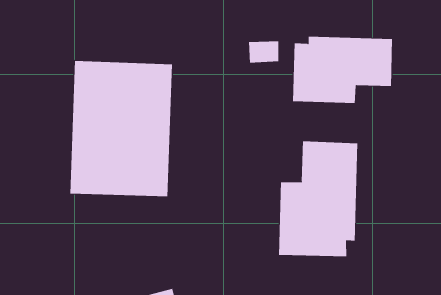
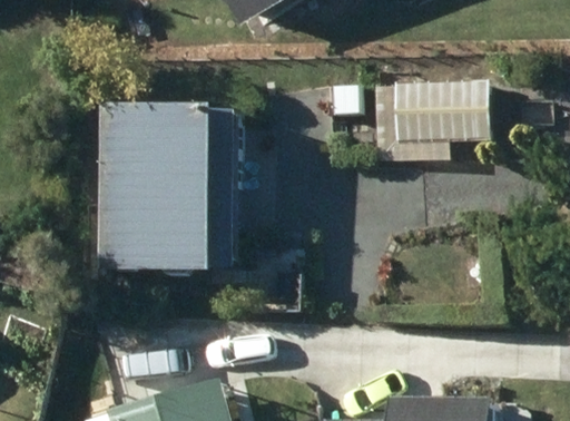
building: [278,141,358,257] -> none

